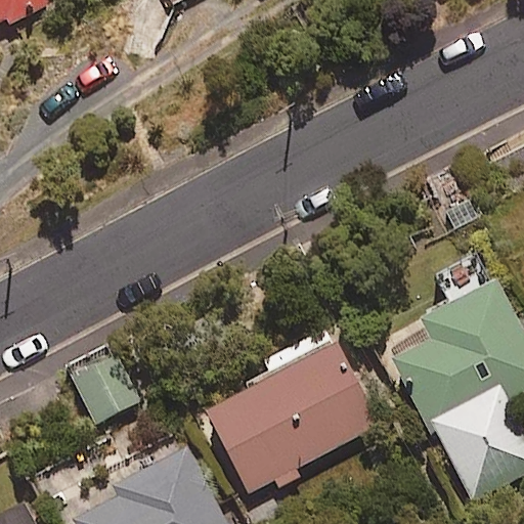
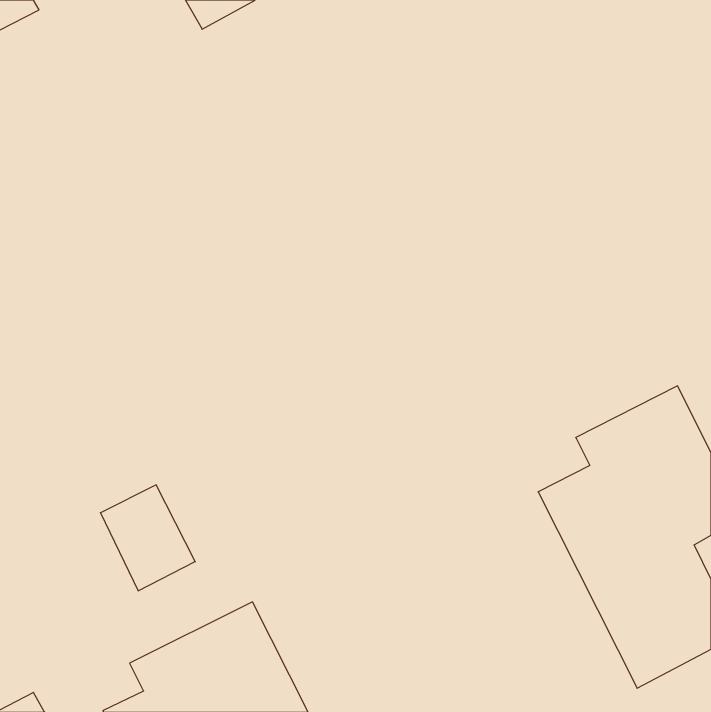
building: [205,331,379,492] -> none

